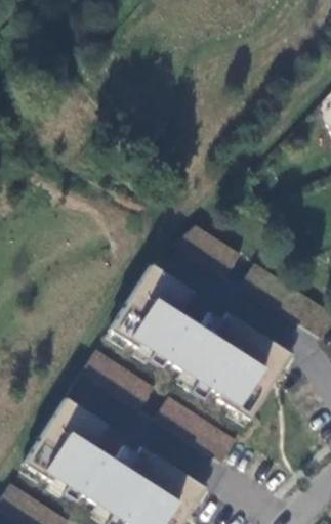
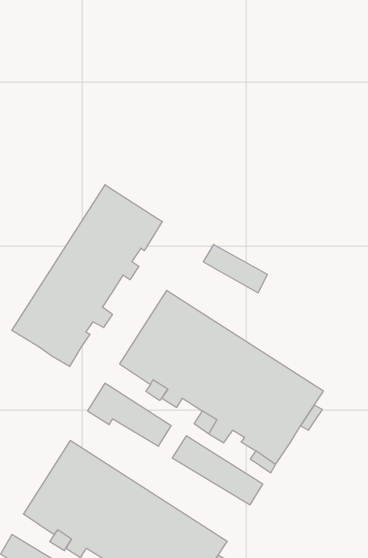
building: none -> [12,185,162,367]

